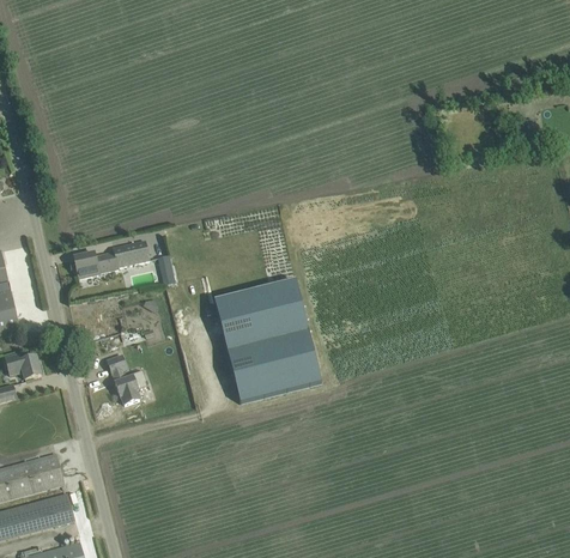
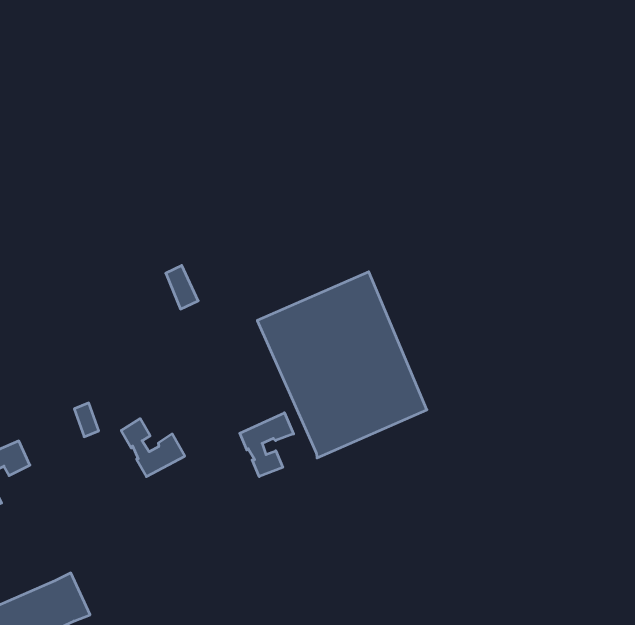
building: [74,239,151,278] -> none
building: none -> [240,413,294,477]

